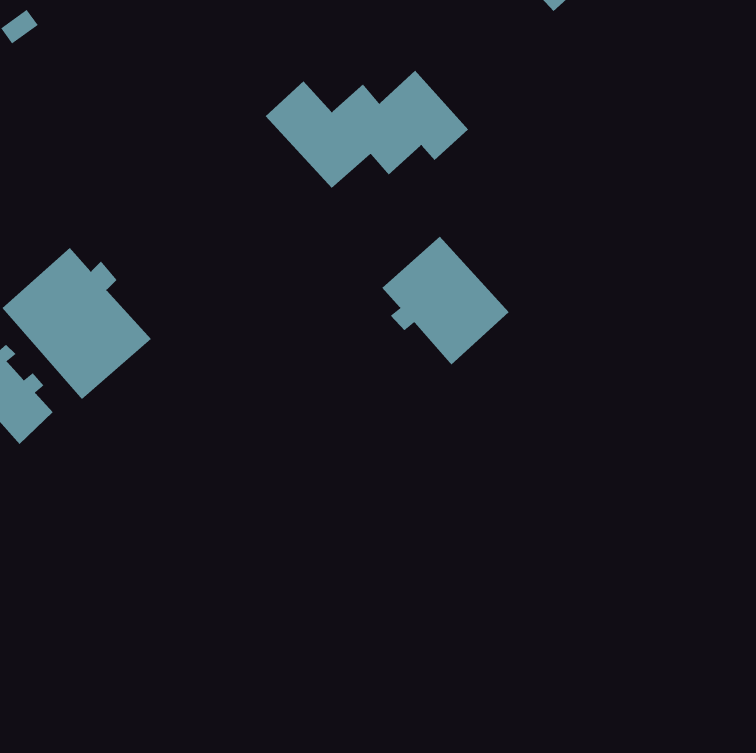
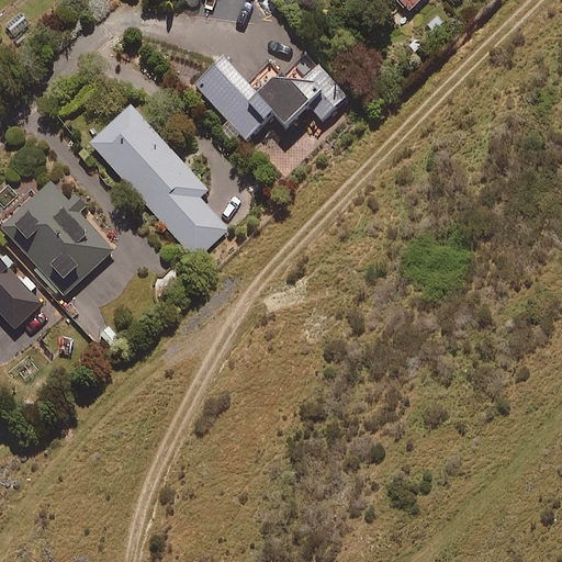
building: none -> [90,104,225,255]
building: [382,236,510,366] -> none

